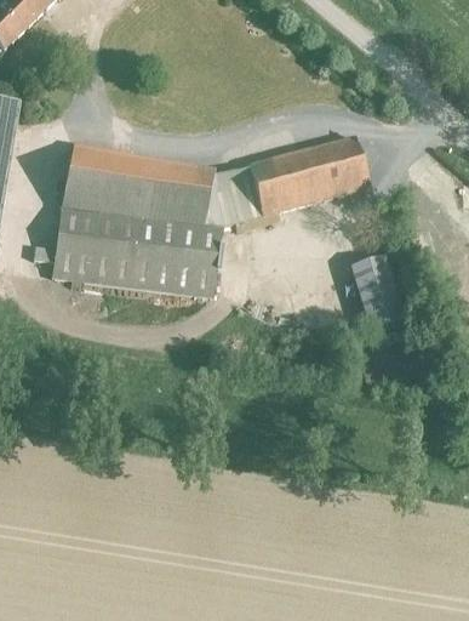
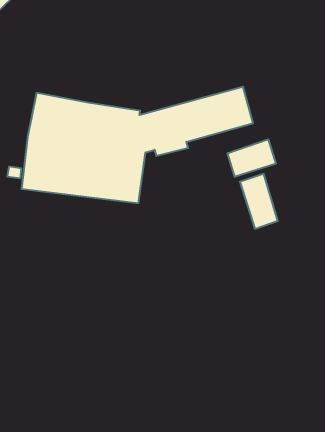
building: none -> [228,139,276,177]

